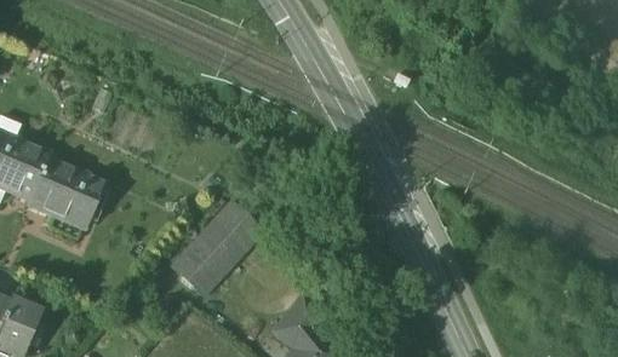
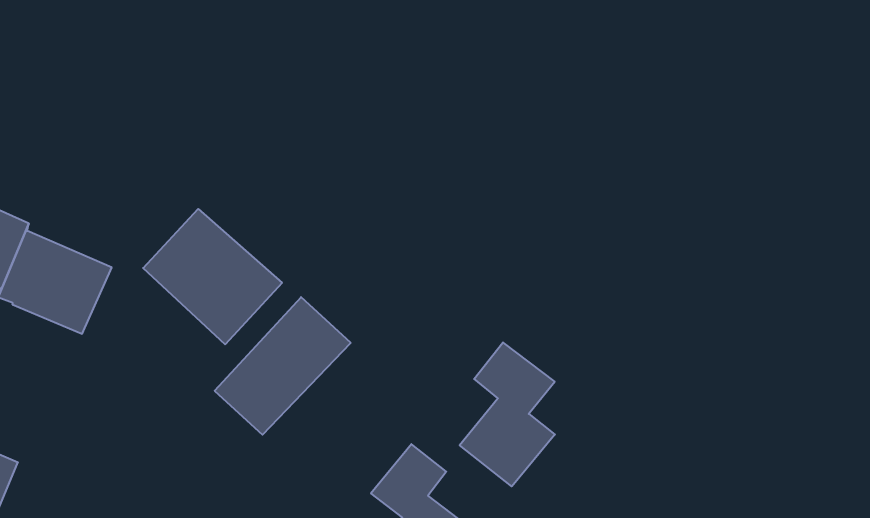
building: none -> [143,209,282,344]
building: none -> [460,342,555,486]

